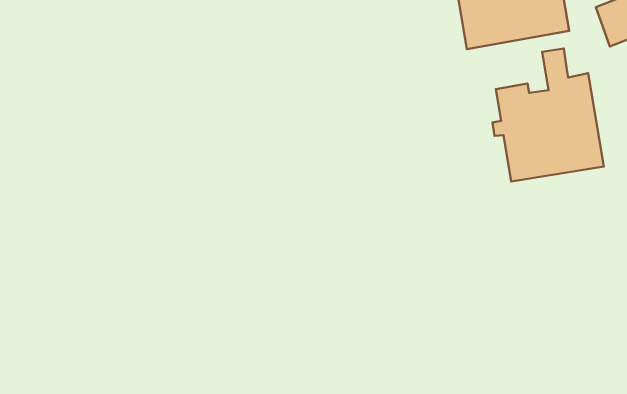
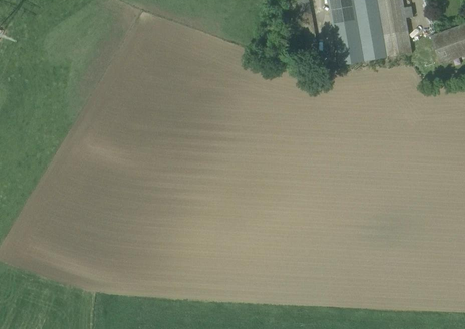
building: [493,49,604,181] -> none

